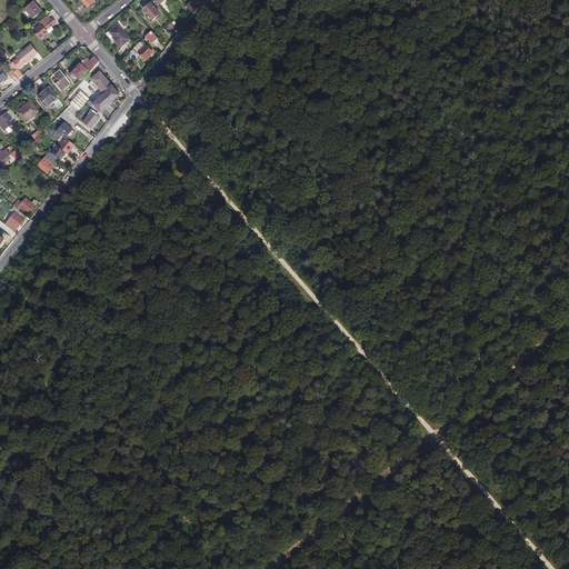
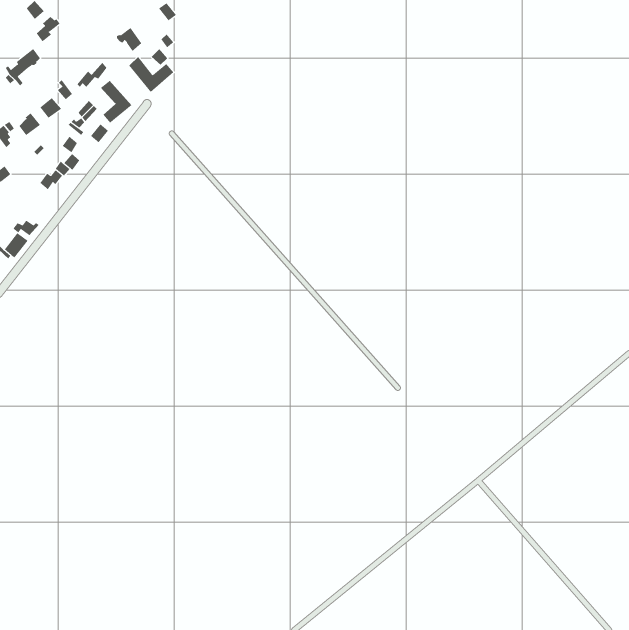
building: none -> [129,56,174,93]

